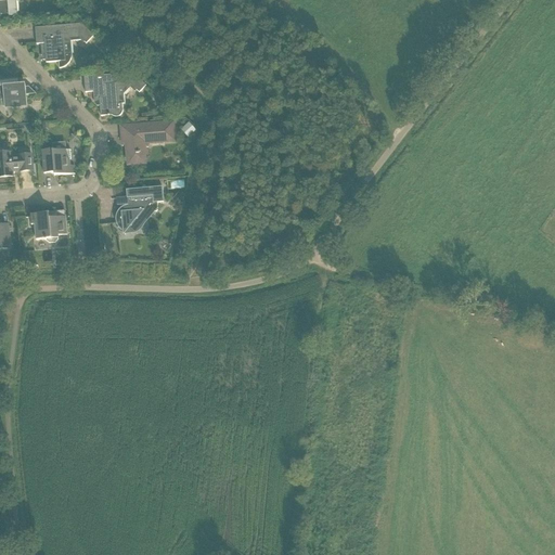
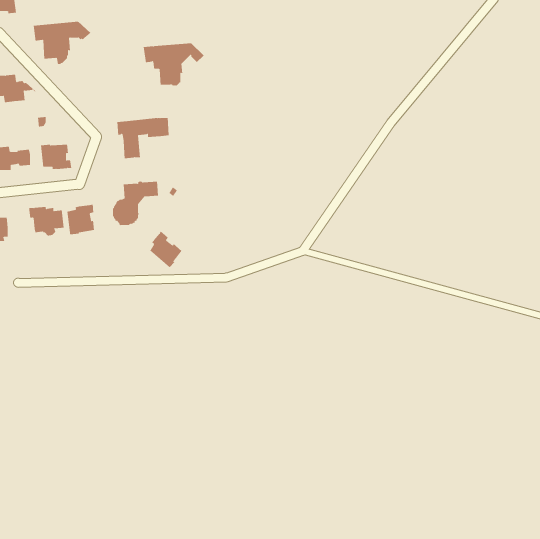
building: [82,70,145,115] -> [143,43,204,86]
building: none -> [67,204,95,235]
building: none -> [149,230,182,268]

